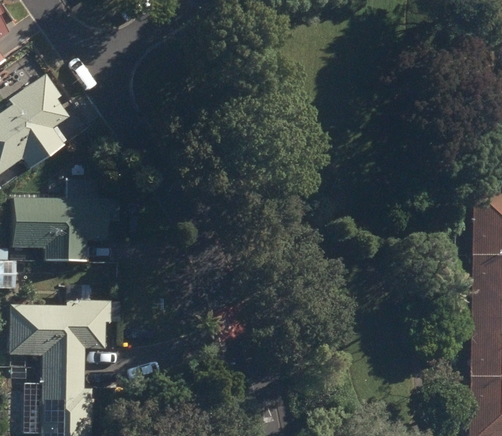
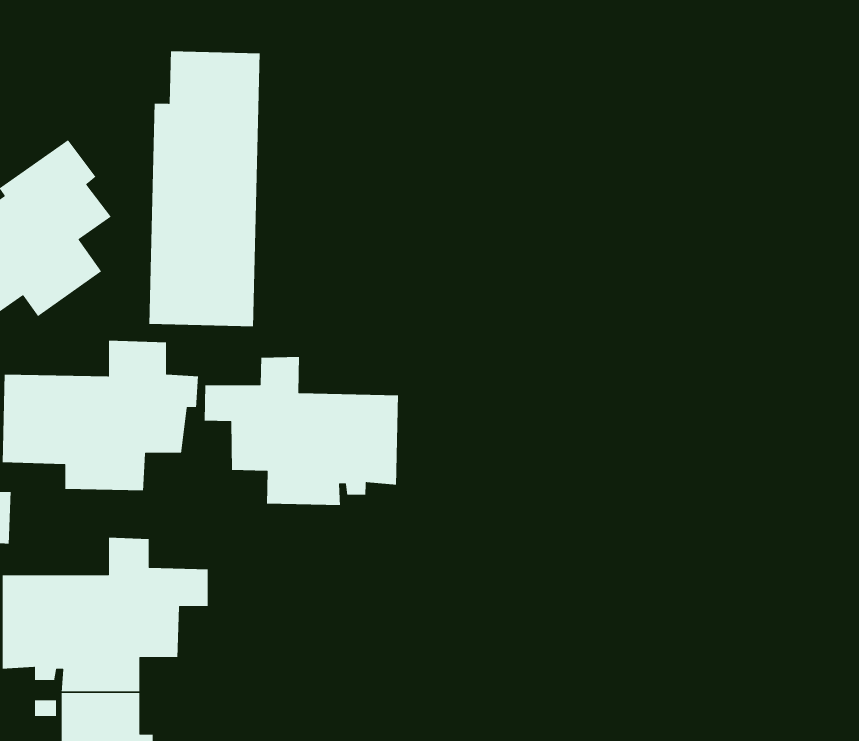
building: none -> [148,51,260,327]
building: none -> [204,356,399,506]

